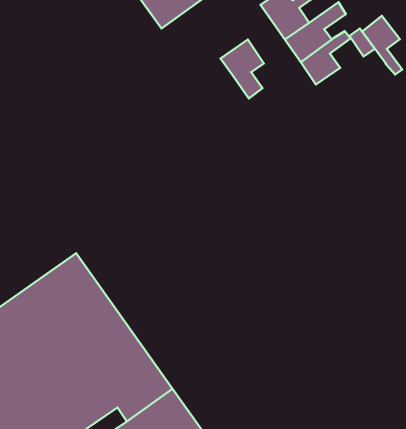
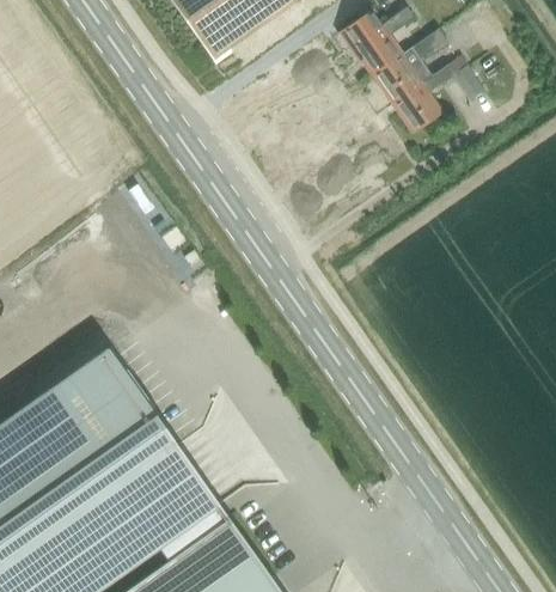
building: [362,16,402,75] -> none
building: [221,39,264,99] -> none

